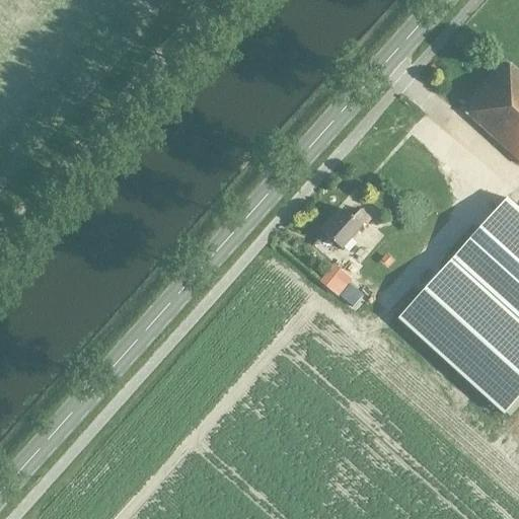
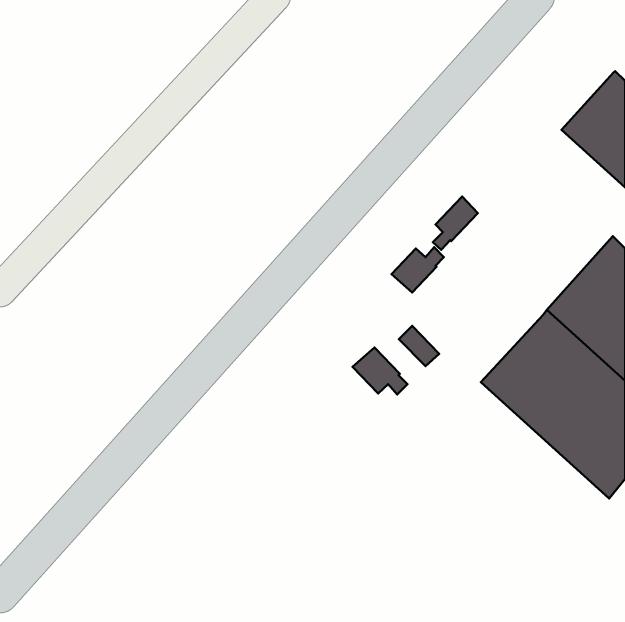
building: none -> [433,196,478,250]
building: none -> [353,347,407,394]

